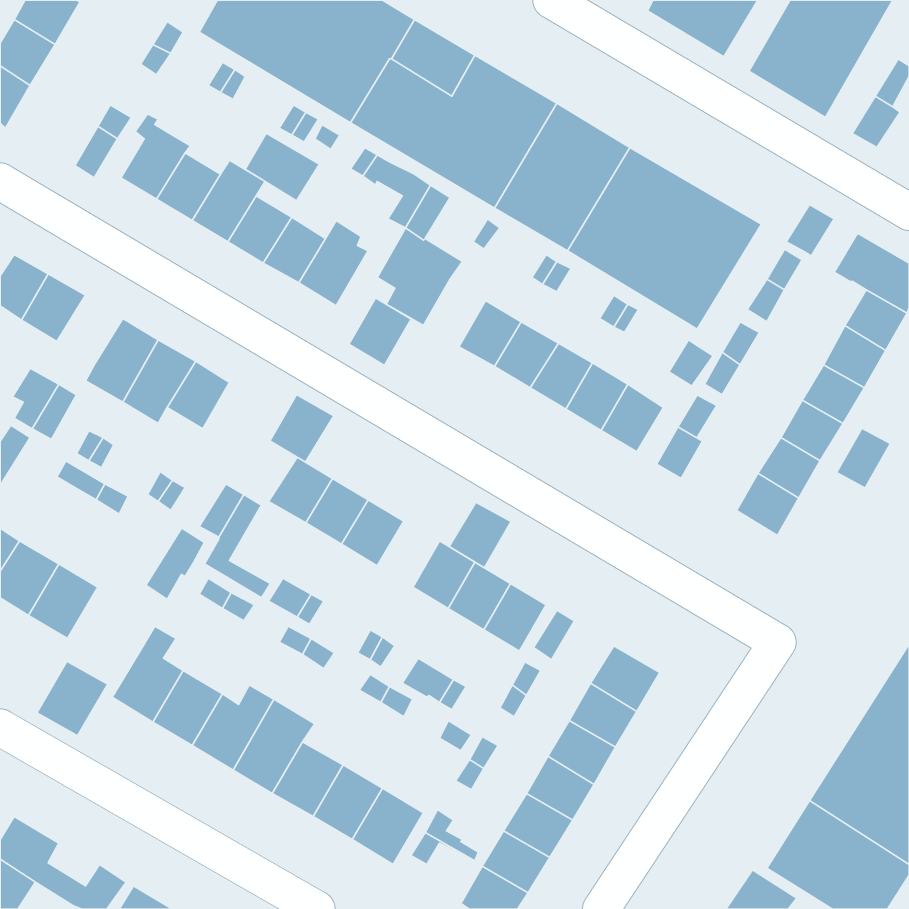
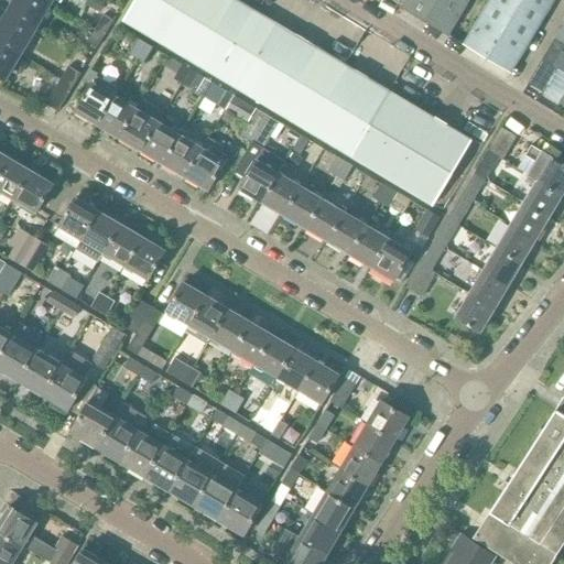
building: [245,133,319,201] -> none
building: [349,298,411,366] -> [262,173,301,215]
building: [270,395,334,462] -> [126,237,165,279]
building: [837,428,891,488] -> none
building: [449,502,511,568] -> [234,323,272,364]
building: [37,661,108,736] -> [42,364,86,410]

